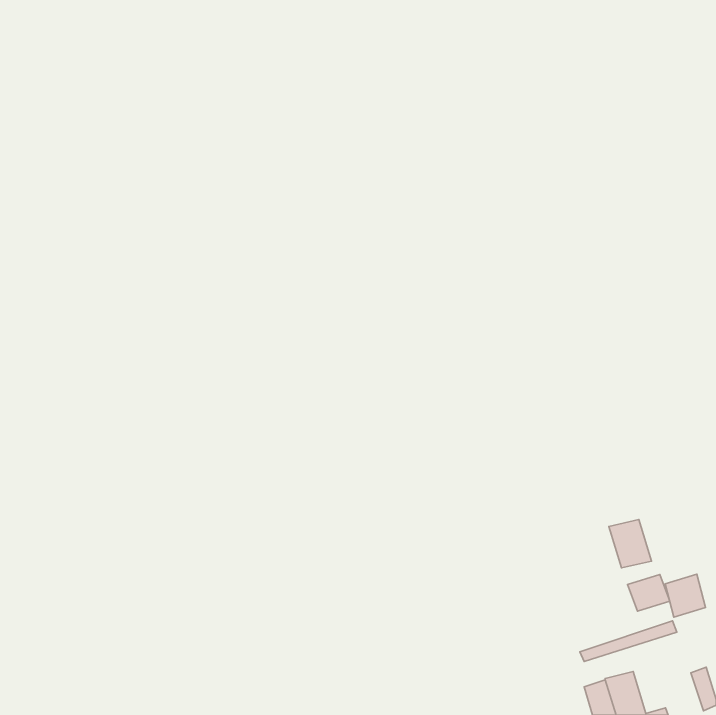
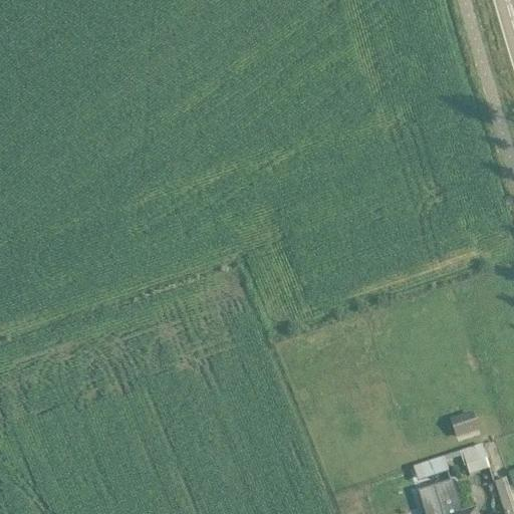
building: [609,520,651,568] -> none
building: [665,574,705,617] -> none

